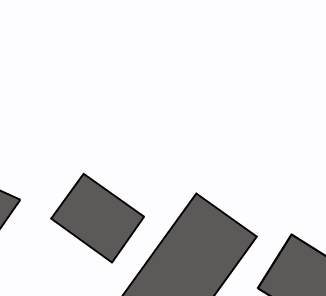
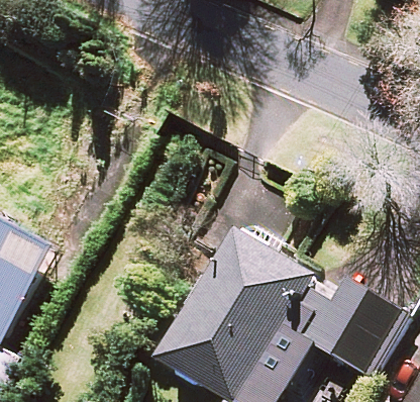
building: [51,174,144,263] -> none

